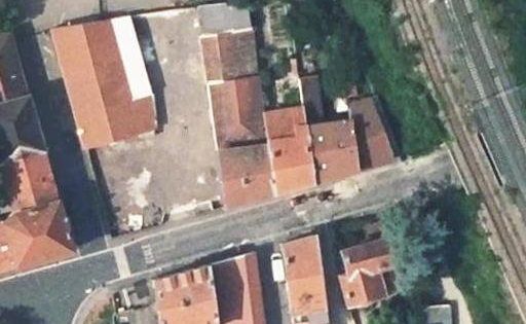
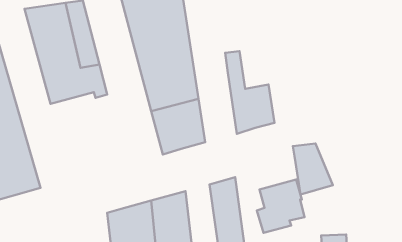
building: [352,106,402,169] -> [293,144,333,194]
building: [264,107,315,192] -> none

